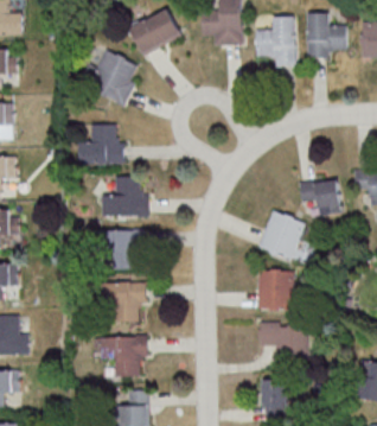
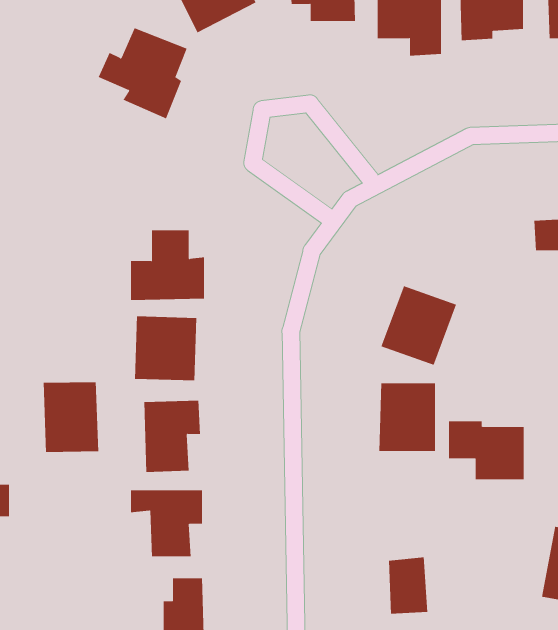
building: [78,123,124,164] -> none
building: [300,179,341,218] -> none
building: none -> [43,381,99,453]
building: [258,323,306,360] -> [448,421,525,480]

